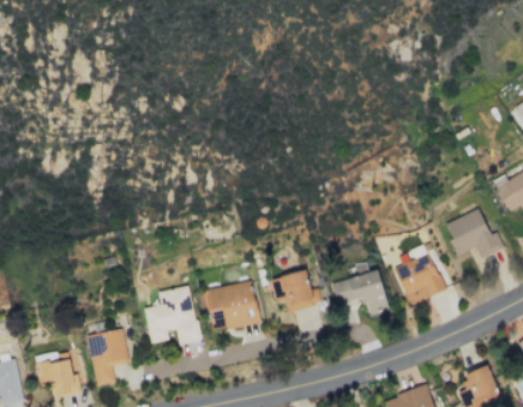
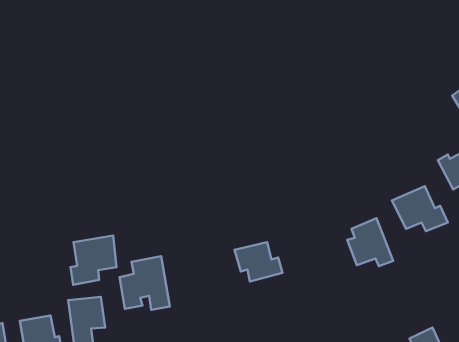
building: none -> [71,236,117,285]
building: [331,269,390,316] -> none
building: [206,282,259,330] -> none

